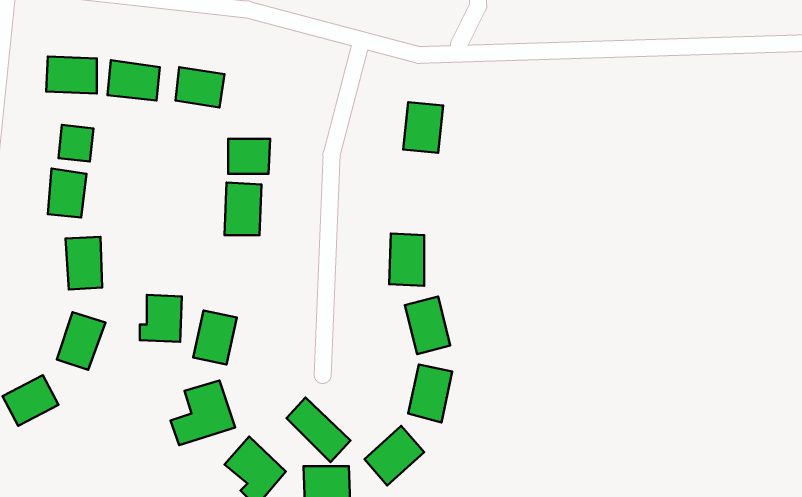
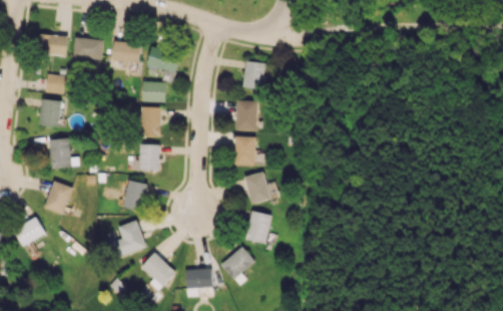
building: none -> [146,45,180,72]
building: none -> [235,100,258,129]
building: [140,295,182,342] -> [135,143,159,171]
building: [287,397,351,462] -> none

